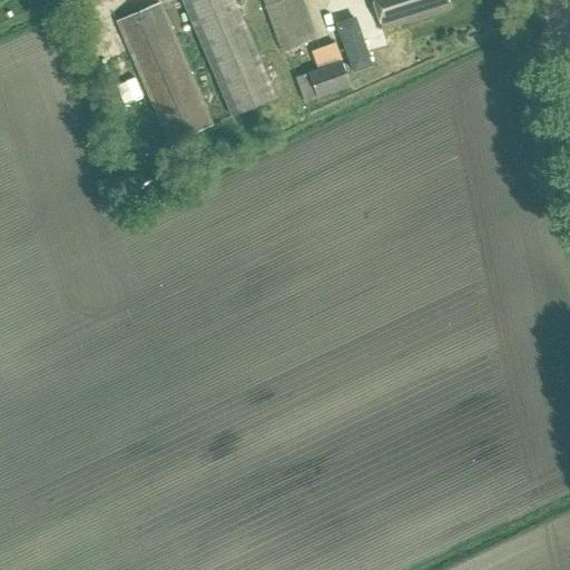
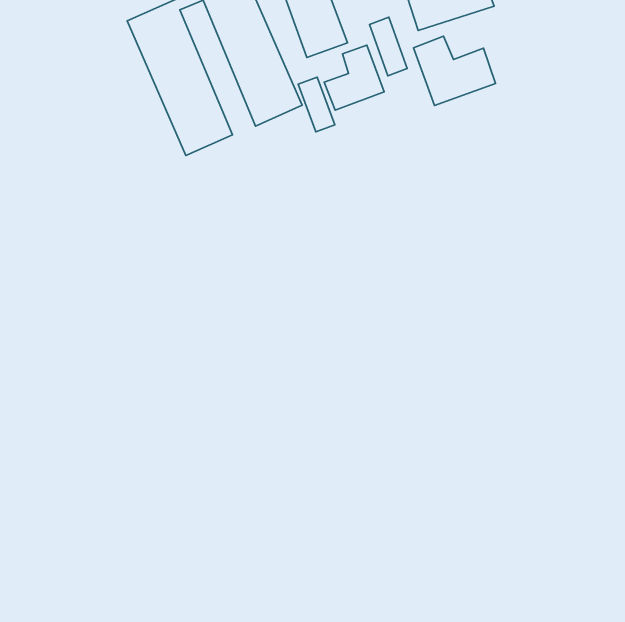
building: none -> [413,36,496,105]
building: none -> [298,77,335,132]

